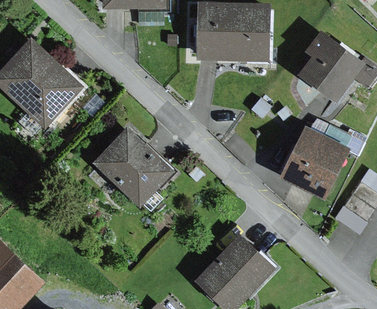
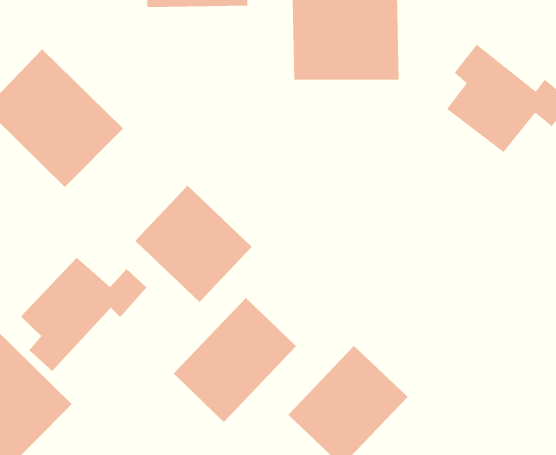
building: [281,130,346,198] -> none
building: none -> [20,257,147,372]
building: none -> [173,297,297,423]

